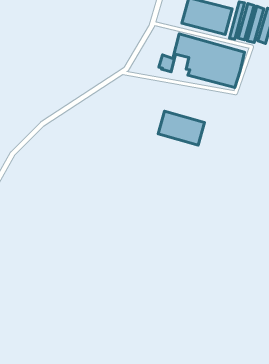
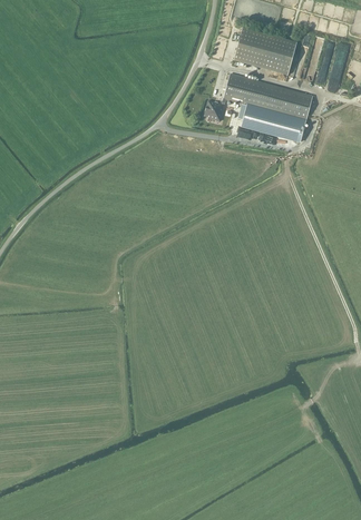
building: [158,111,204,145] -> none

